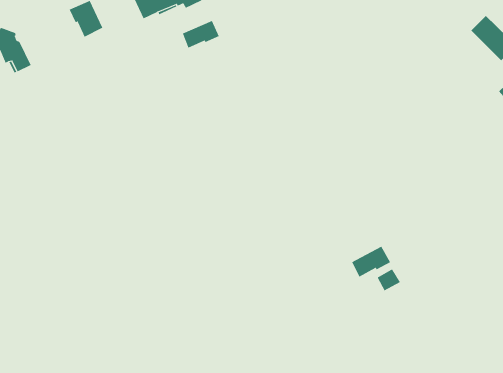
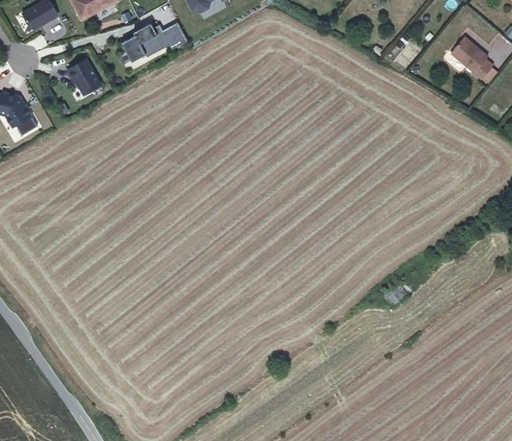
building: [182,20,220,49] -> none
building: [352,246,391,278] -> none

